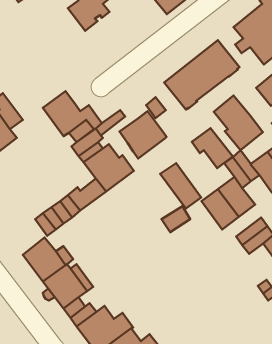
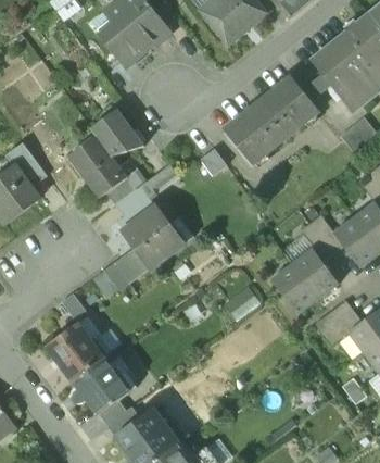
building: none -> [91,109,143,155]
building: [214,95,263,150] -> none
building: [120,111,167,158] -> none
building: [192,128,233,168] -> none
building: [160,163,201,209] -> none

